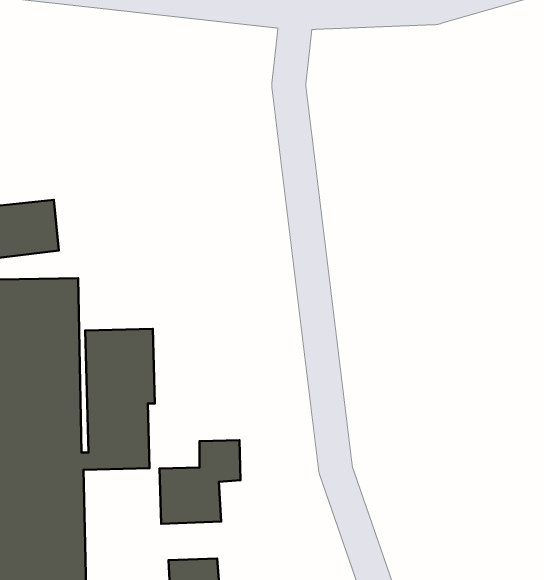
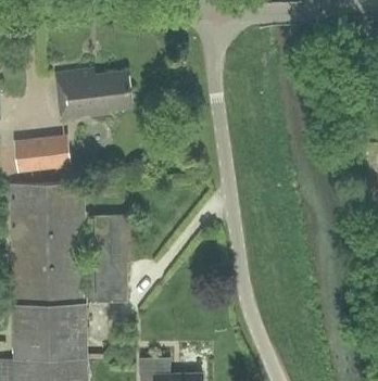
building: none -> [58,72,130,123]
building: [160,440,240,524] -> none

